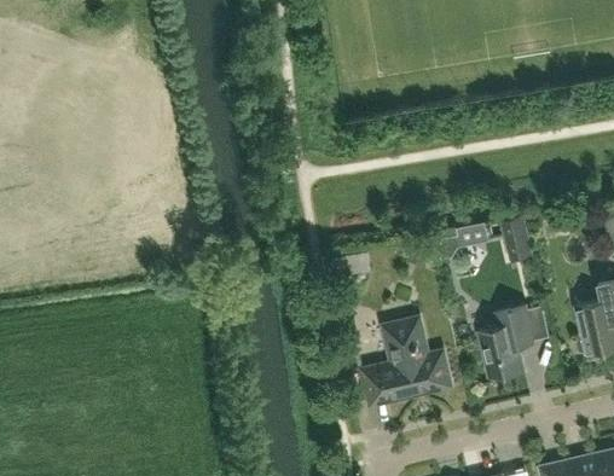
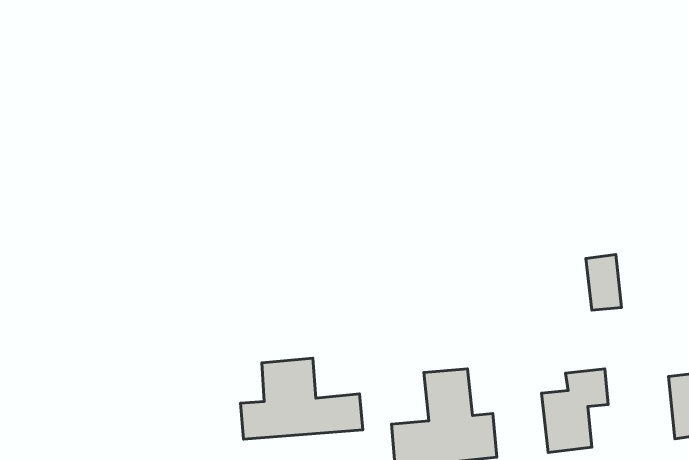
building: [435,221,490,259] -> none
building: none -> [240,358,363,439]

